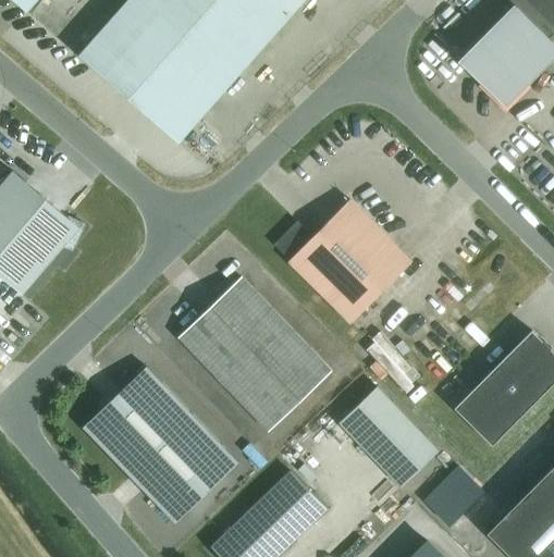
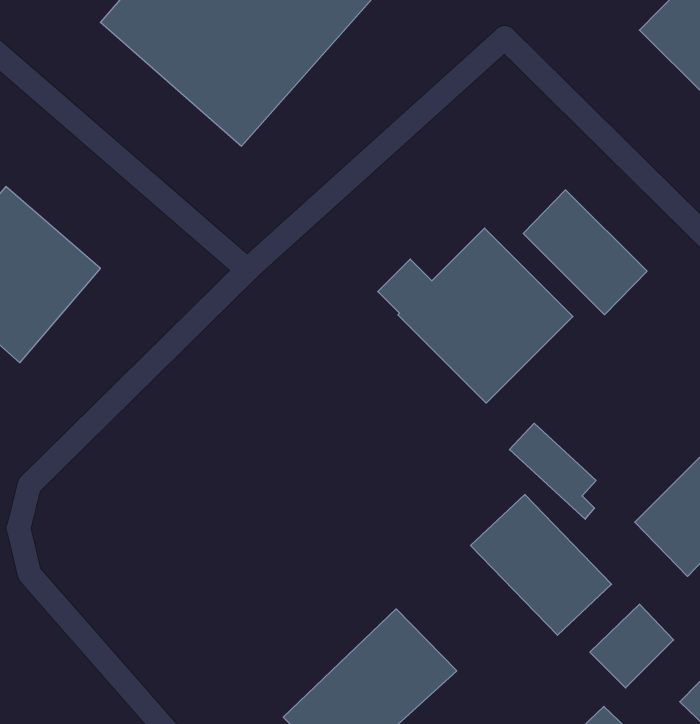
building: none -> [523,190,647,315]
building: [178,276,332,432] -> none
building: [84,367,237,522] -> none

